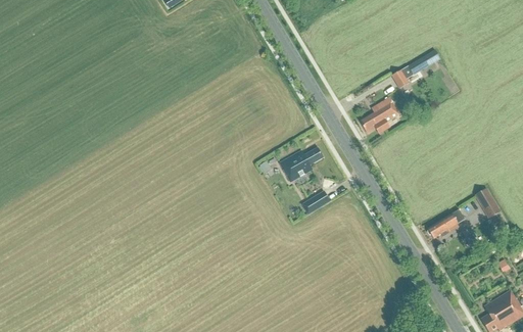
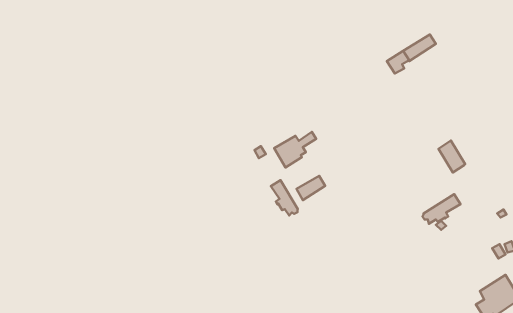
building: [361,97,399,133] -> none
building: [475,187,502,219] -> [439,141,465,172]
building: none -> [271,180,298,216]

